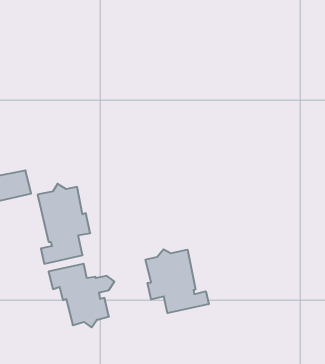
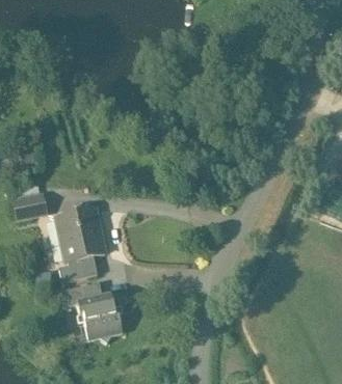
building: [146,249,209,313] -> none

